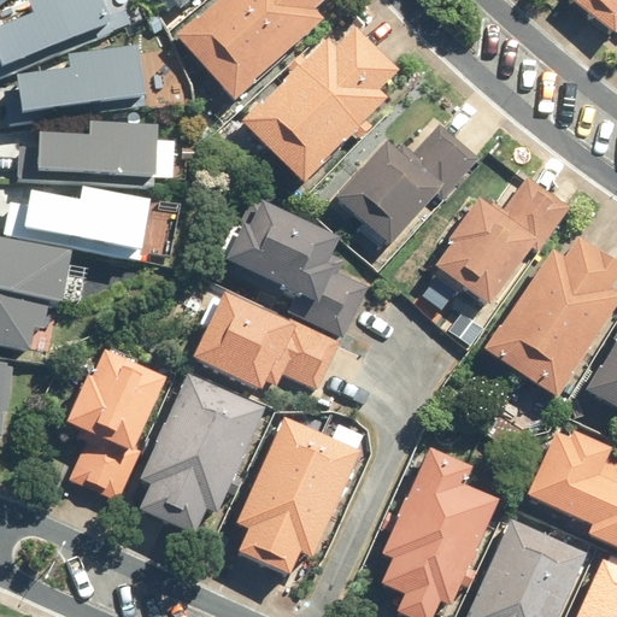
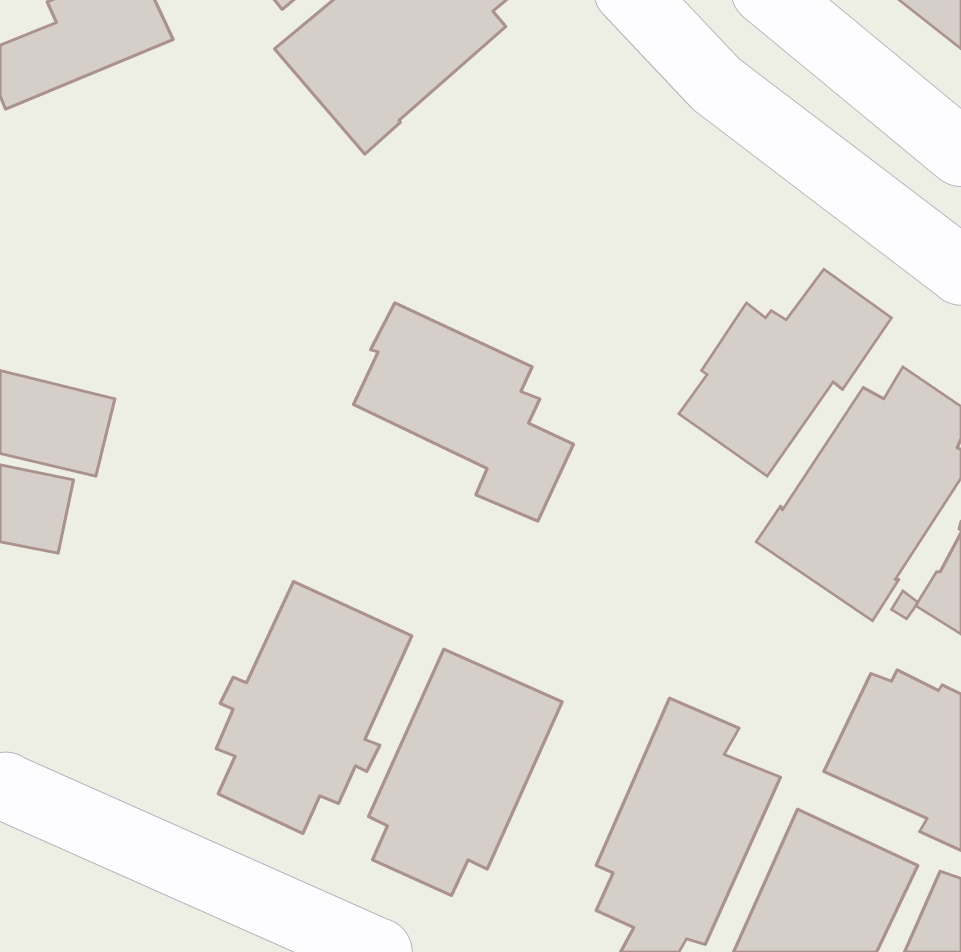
building: [242,27,400,183] -> none
building: [19,49,145,114] -> none
building: [335,117,482,245] -> none
building: [41,122,160,181] -> none
building: [24,189,151,253] -> none
building: [193,290,341,390] -> none
building: [66,349,166,496] -> none

